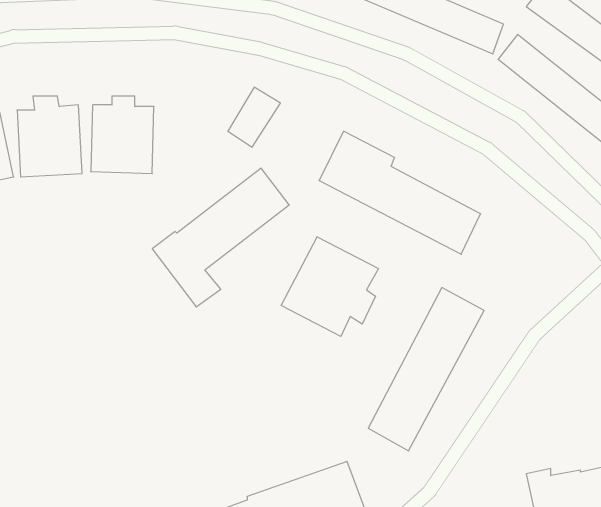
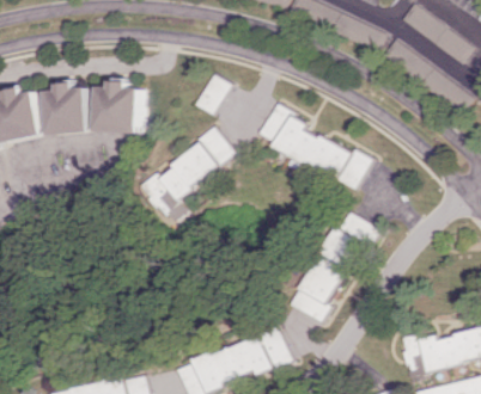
building: [281,237,378,336] -> none

